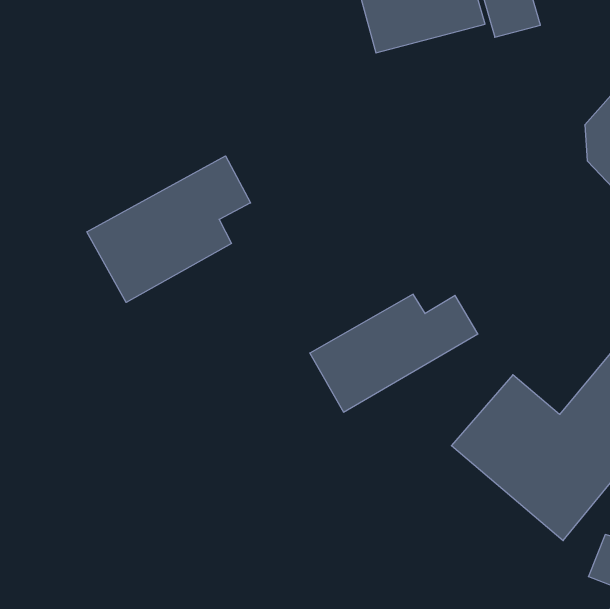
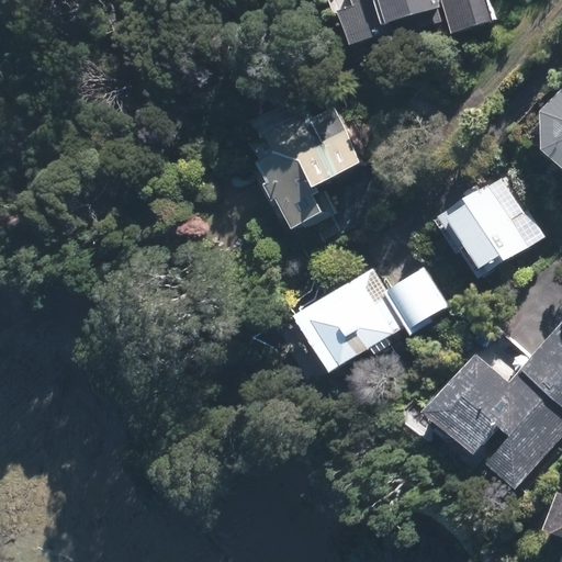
building: none -> [245,86,366,228]
building: [87,156,251,302] -> none
building: none -> [440,175,540,273]

